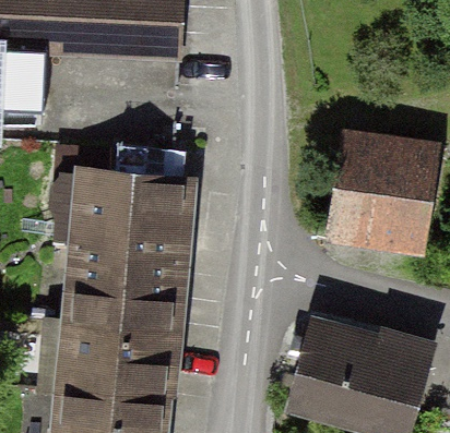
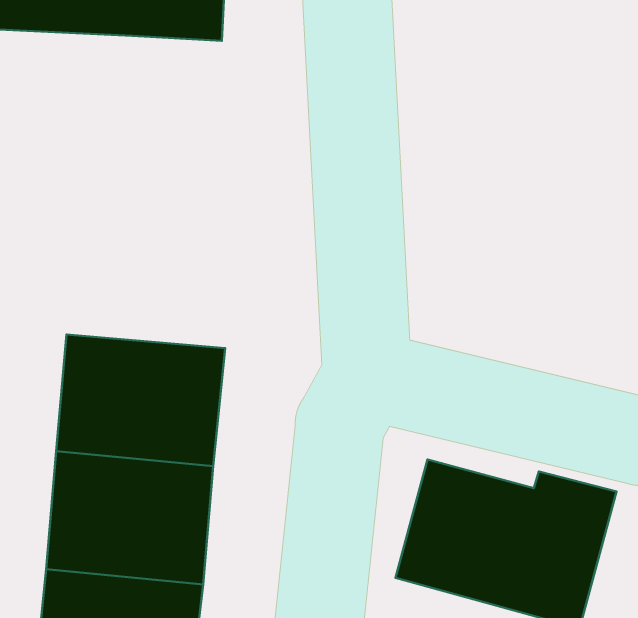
building: [331,137,439,236] -> none
building: [54,166,188,251] -> none

